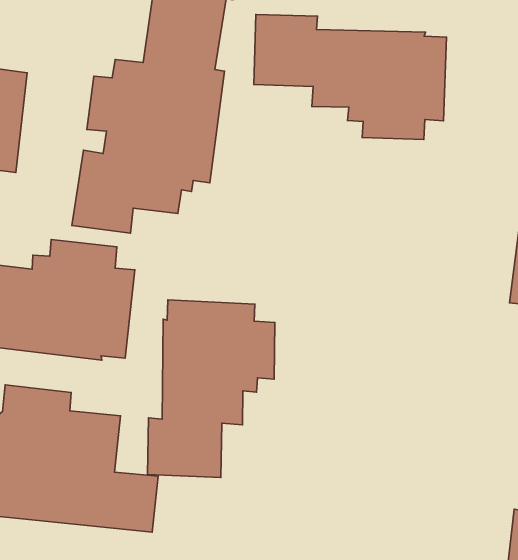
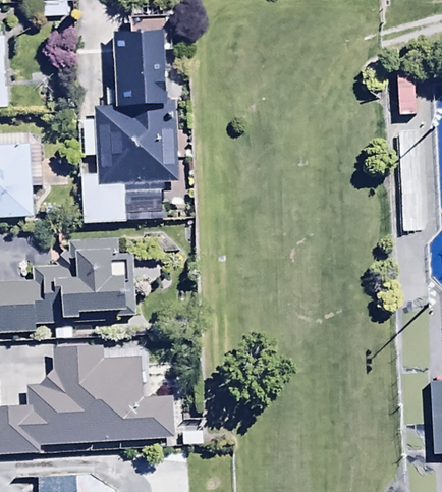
building: [254,14,447,139] -> none
building: [148,300,275,478] -> none

